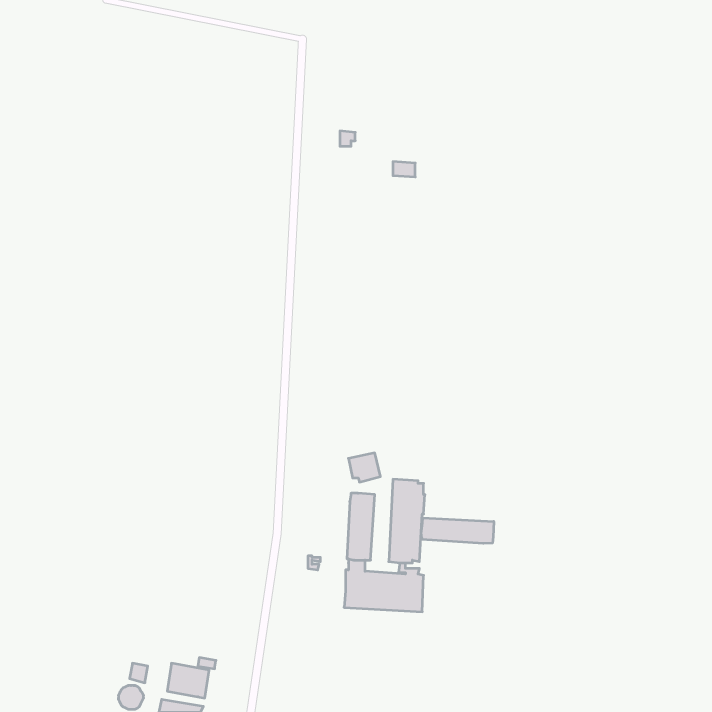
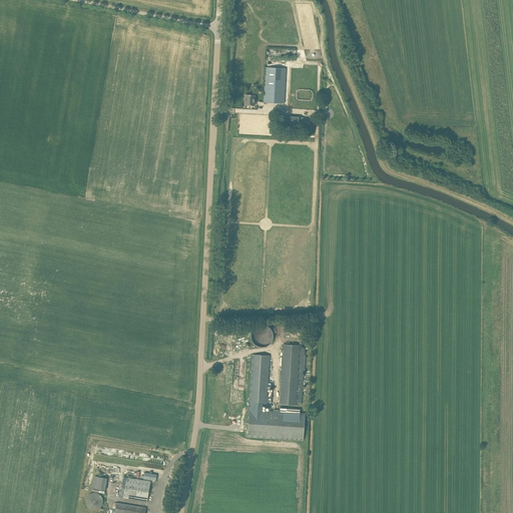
building: none -> [264,67,286,103]
building: [421,518,494,543] -> none

